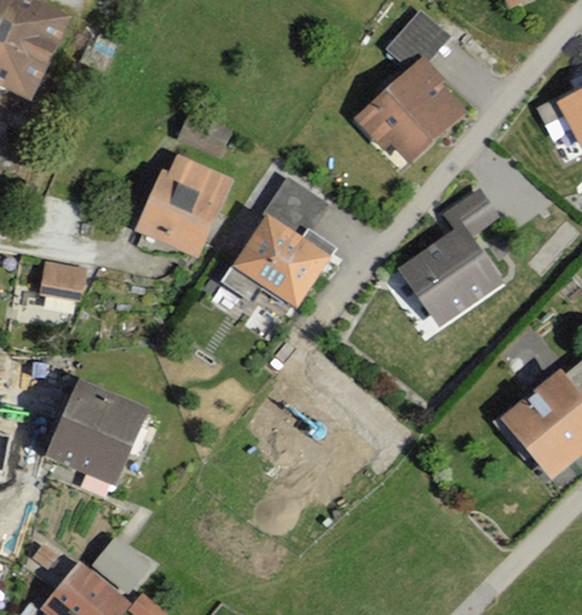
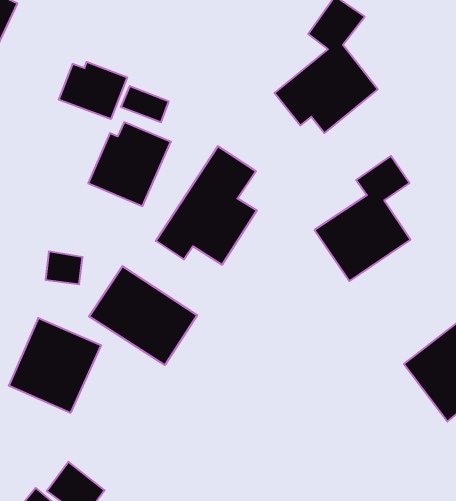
building: none -> [59,62,127,119]
building: [48,261,90,297] -> [46,252,83,284]
building: none -> [89,266,197,365]

